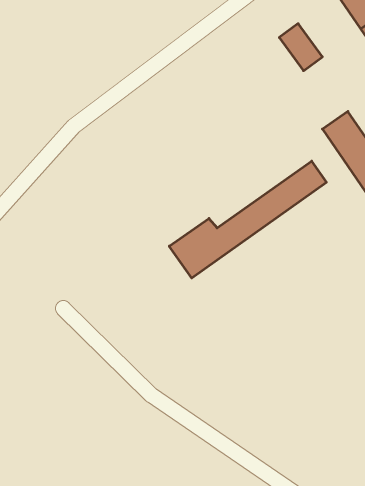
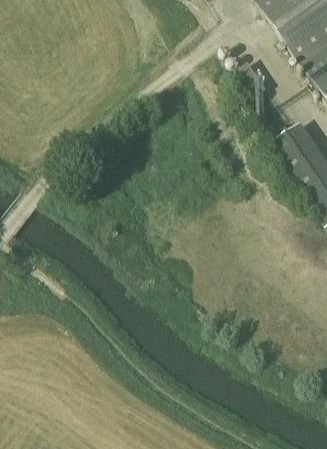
building: [169,161,326,278] -> none

